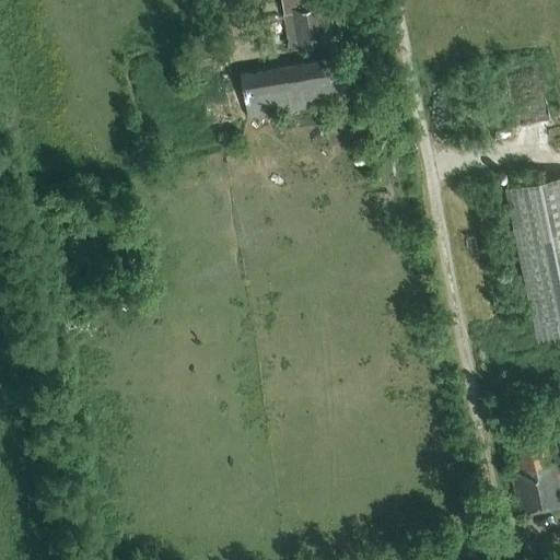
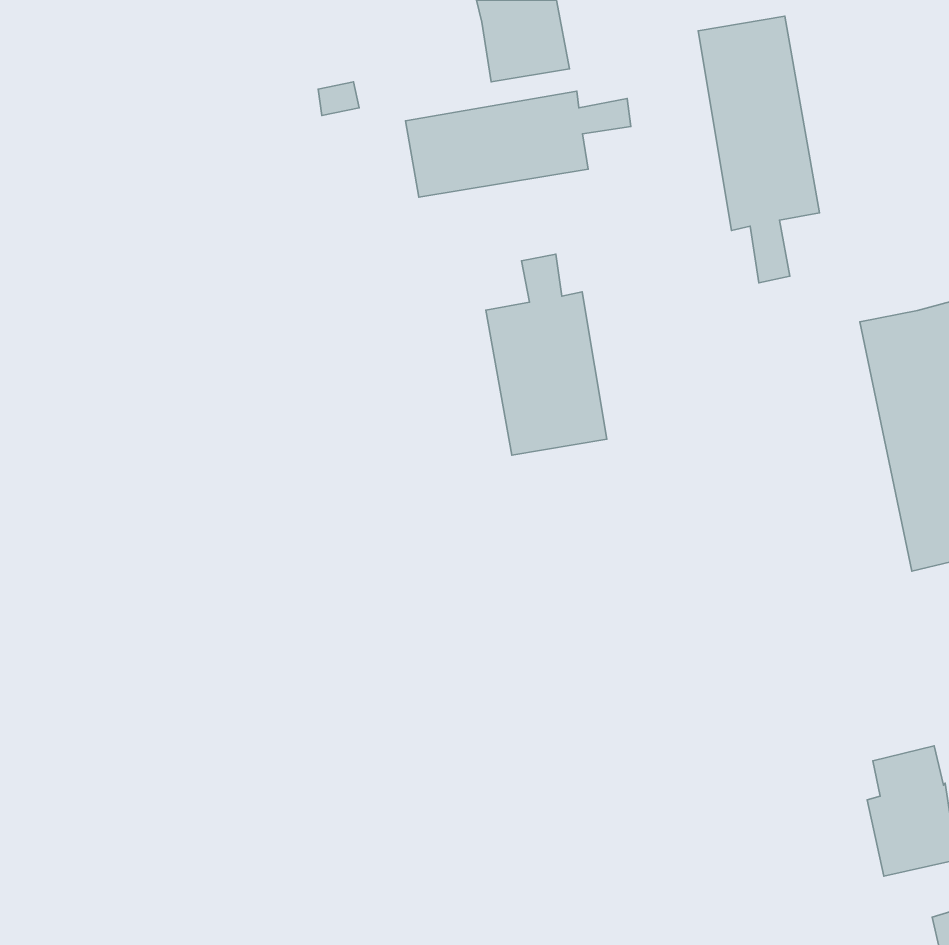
building: none -> [698,16,819,283]
building: none -> [486,254,607,455]

